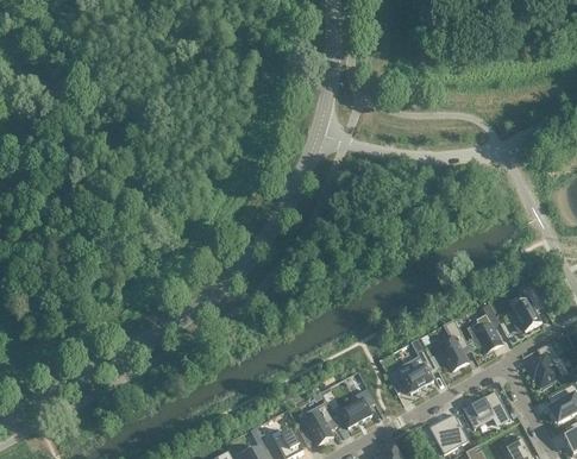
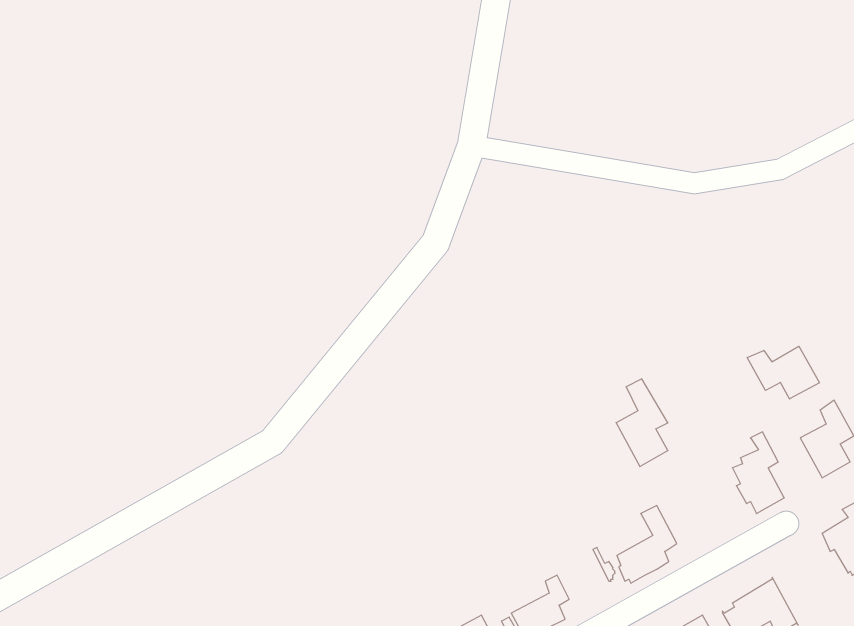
building: none -> [747,346,819,399]
building: [437,319,468,371] -> [616,379,668,467]

